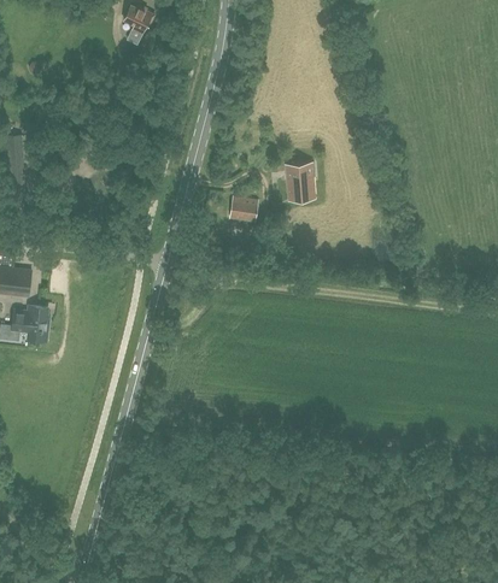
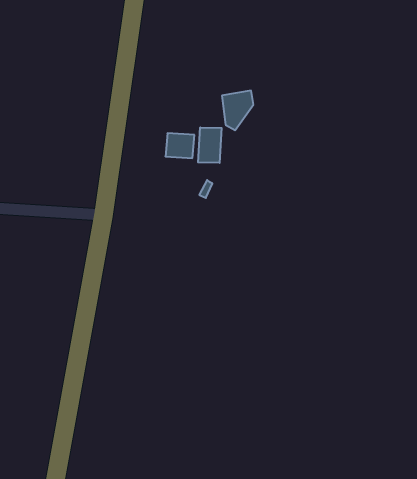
building: none -> [198,127,222,163]

